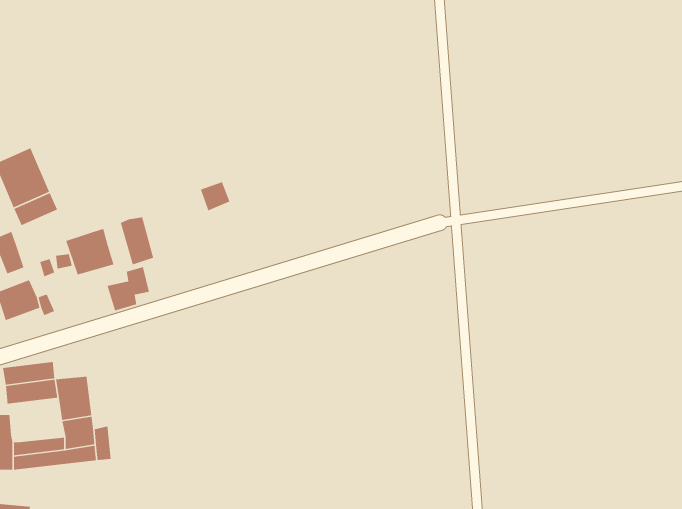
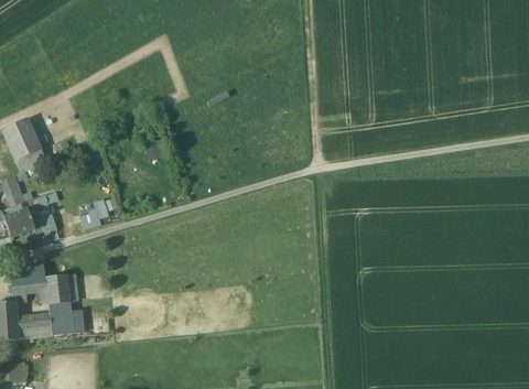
building: [120,217,154,266] -> none
building: [65,228,115,276] -> none

